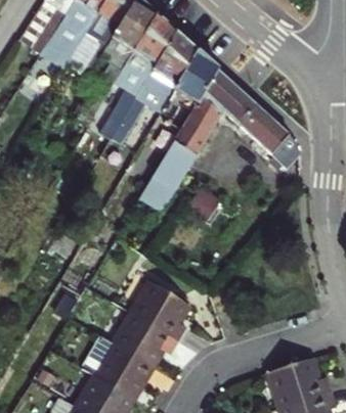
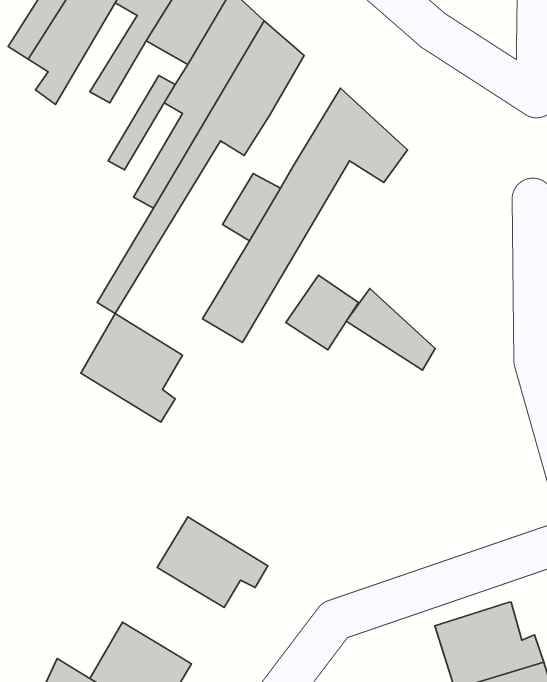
building: [176,51,218,113] -> none
building: [243,104,293,150] -> [346,289,435,370]
building: [132,277,189,338] -> [81,313,182,422]
building: [82,331,153,394] -> none

